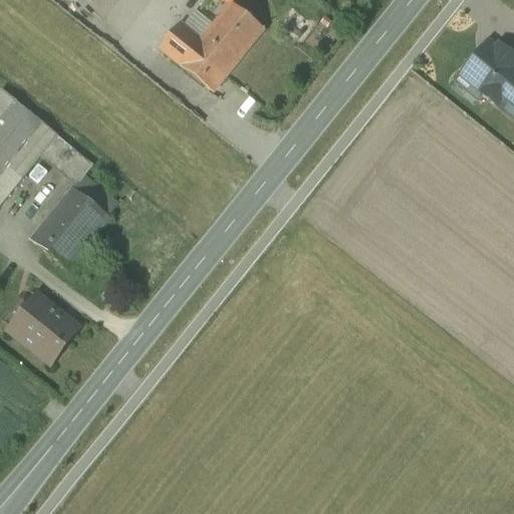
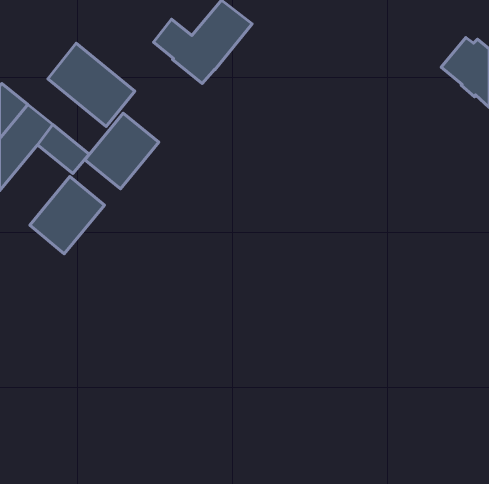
building: none -> [48,43,135,127]
building: none -> [85,113,159,189]
building: [9,292,79,360] -> none

